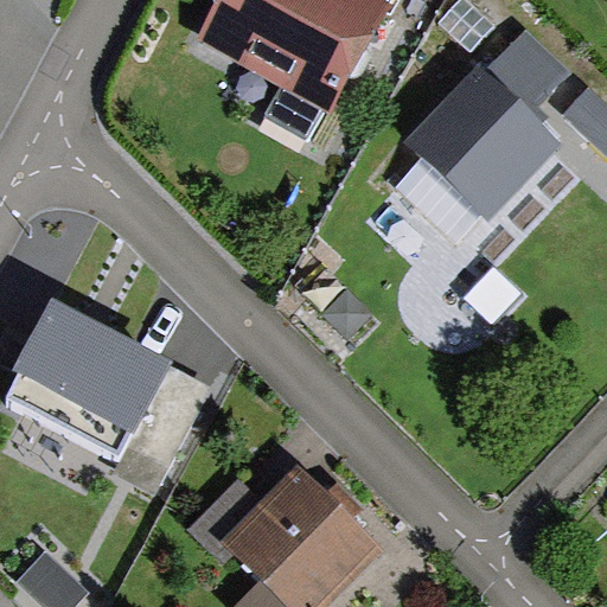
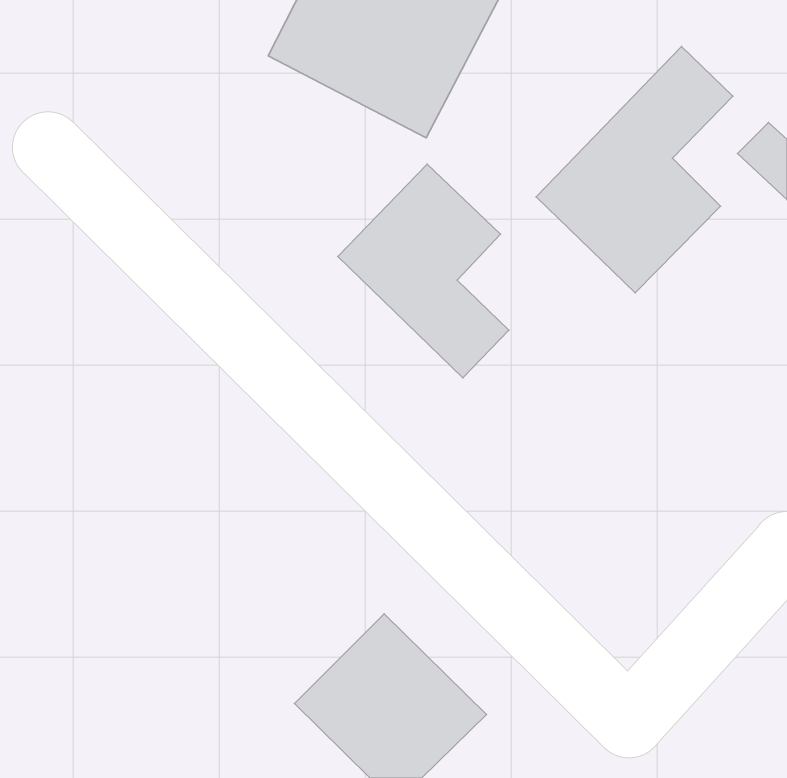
building: none -> [338,164,509,378]
building: [17,306,165,433] -> none

